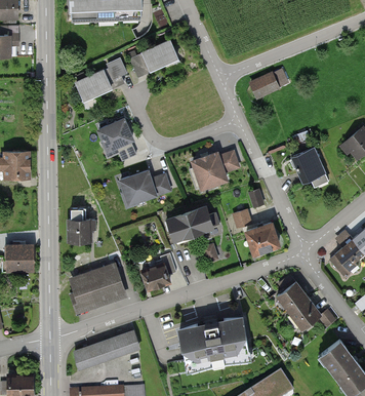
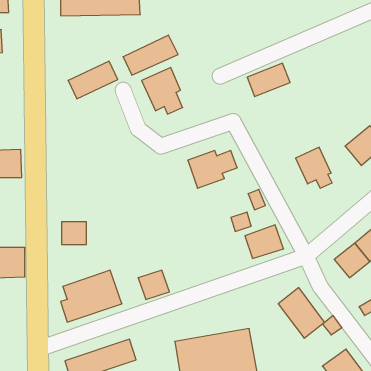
building: [94,115,133,159] -> [142,68,183,114]
building: [116,167,167,203] -> none
building: [164,205,216,243] -> none

